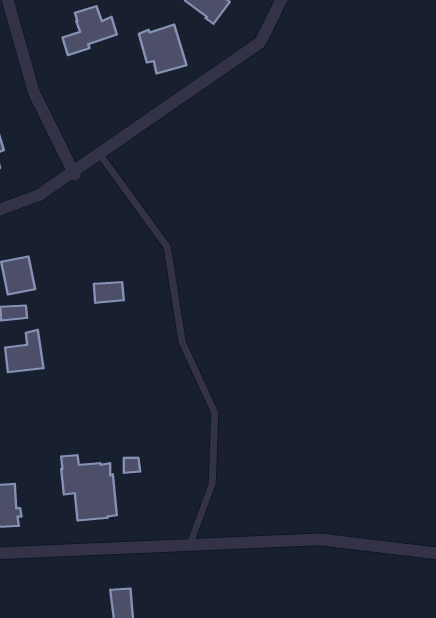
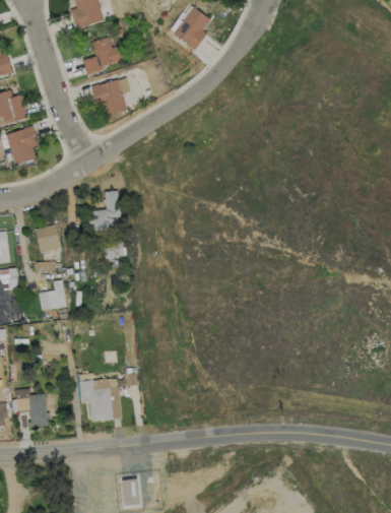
building: [139,24,186,73] -> [90,79,126,116]
building: none -> [90,190,121,231]

